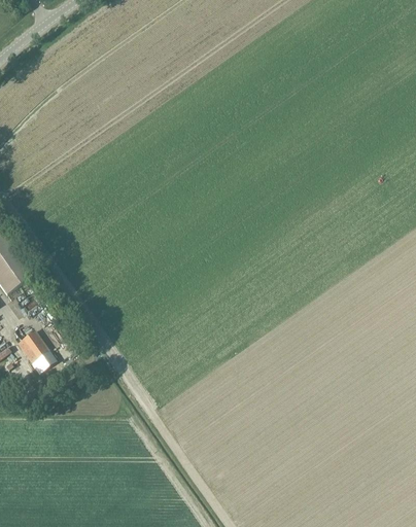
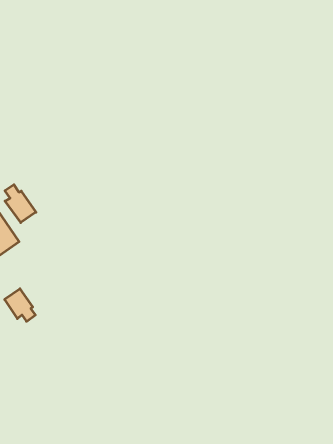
building: none -> [5,185,36,223]

